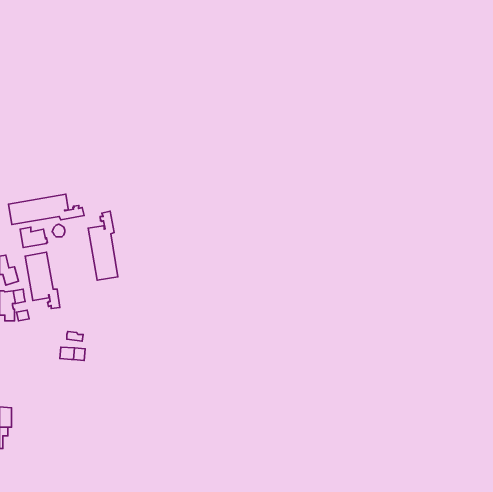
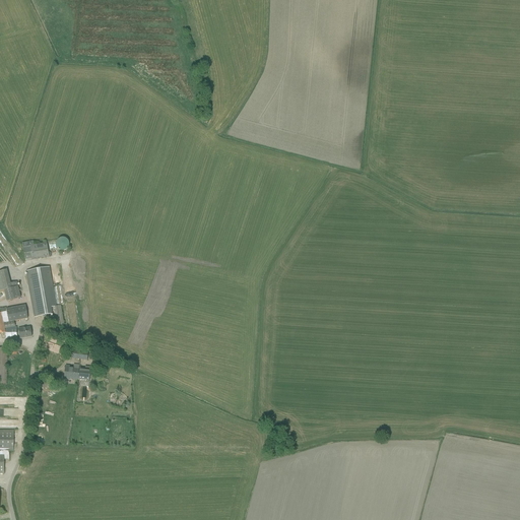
building: [9,194,84,224] -> none
building: [88,211,118,280] -> none

